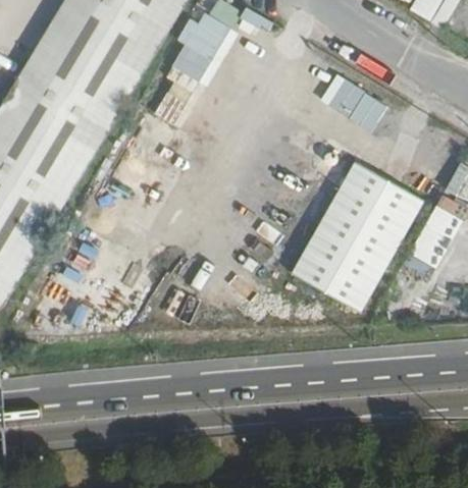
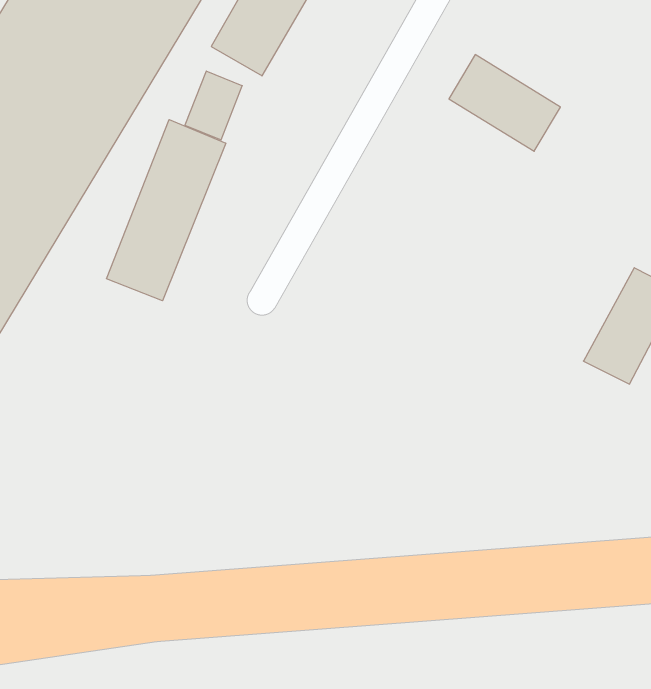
building: none -> [107,120,226,301]
building: [293,162,424,311] -> none

